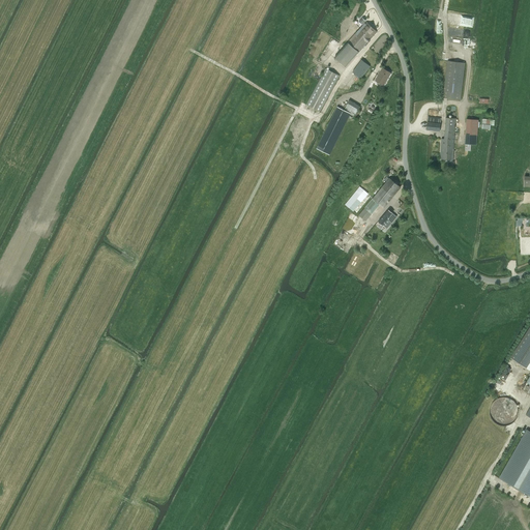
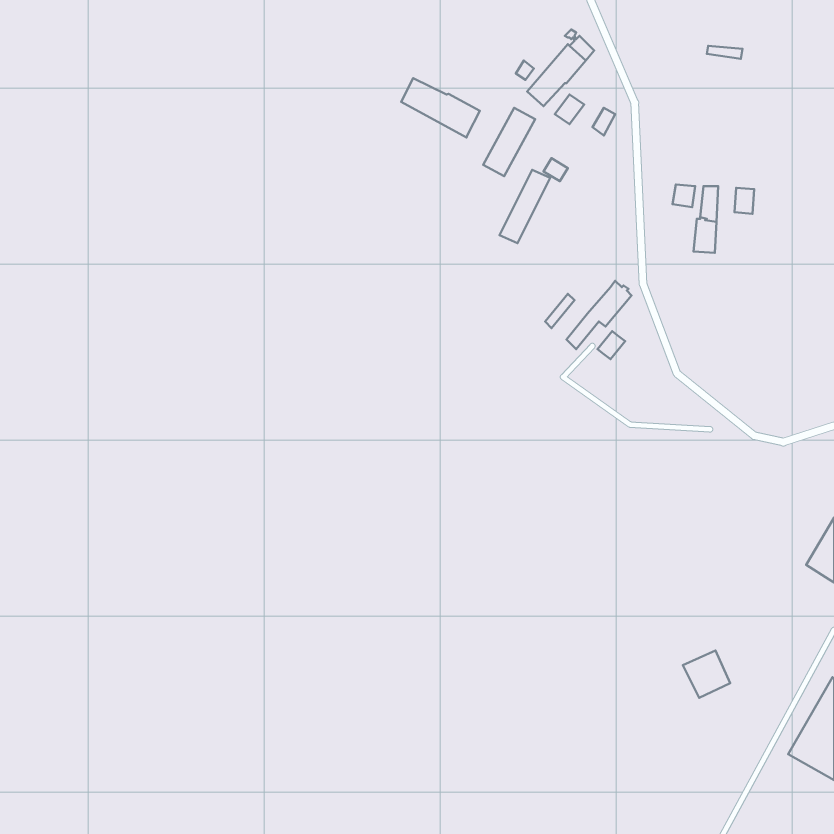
building: none -> [401,78,480,137]
building: [443,61,465,99] -> none
building: [490,394,520,424] -> [683,650,730,698]

